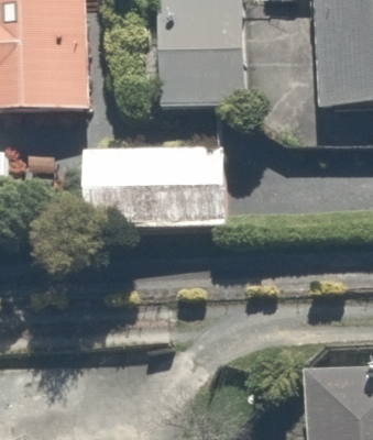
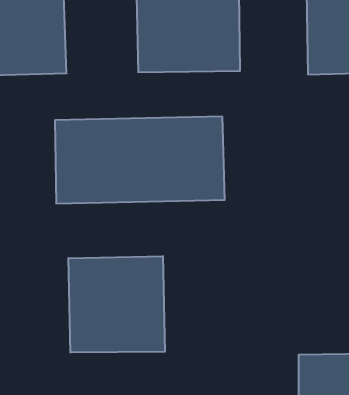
building: none -> [68,256,165,353]

